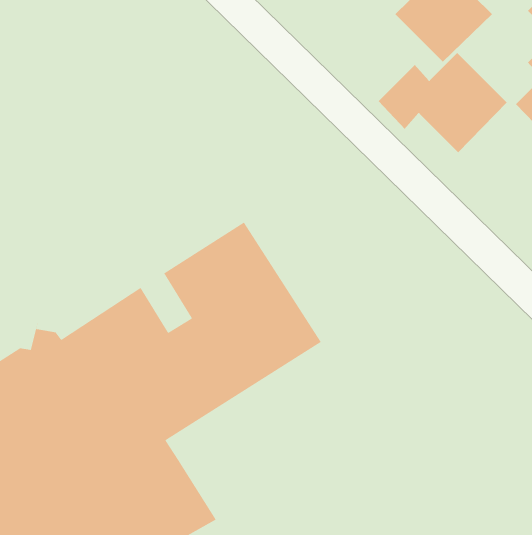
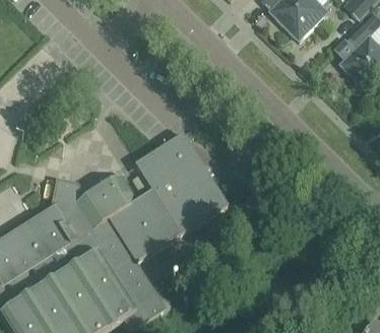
building: [378,52,507,153] -> none

